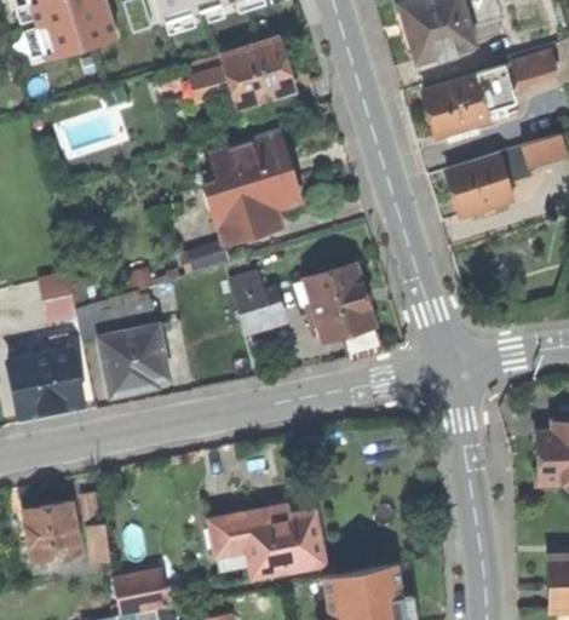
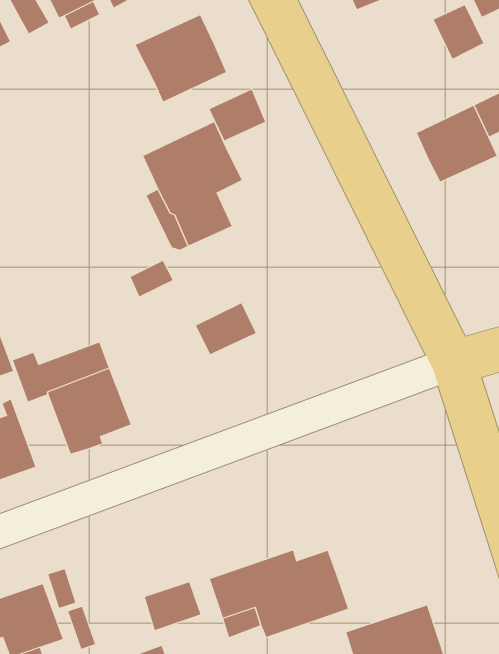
building: [189,57,232,101] -> none
building: [424,75,489,136] -> none
building: none -> [209,89,266,141]
building: [305,265,381,360] -> none
building: none -> [144,581,201,631]

